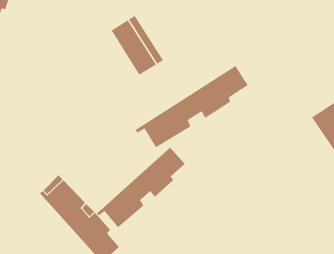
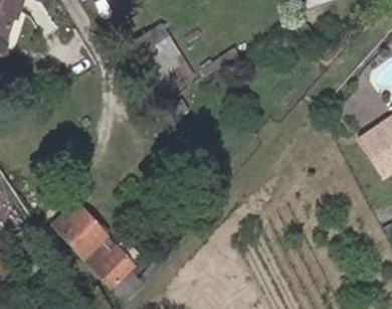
building: [135,65,249,148] -> none
building: [96,147,186,228] -> none

